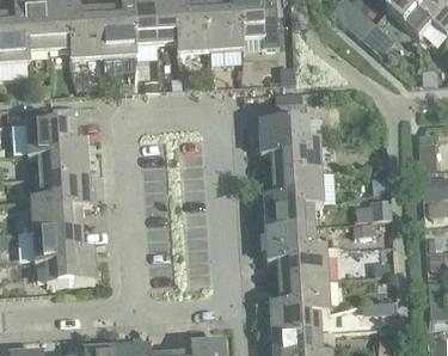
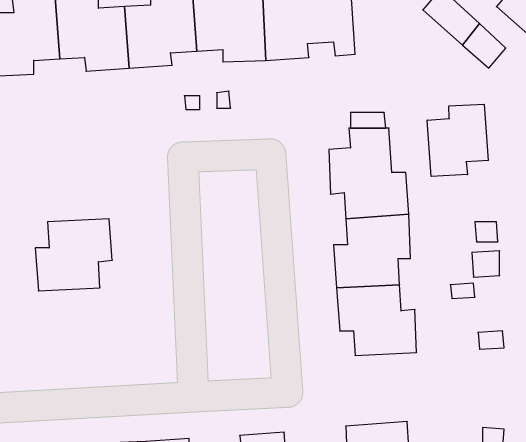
building: none -> [427,104,488,176]
building: [24,118,86,176] -> none
building: [31,227,93,283] -> none
building: [268,277,327,334] -> none

